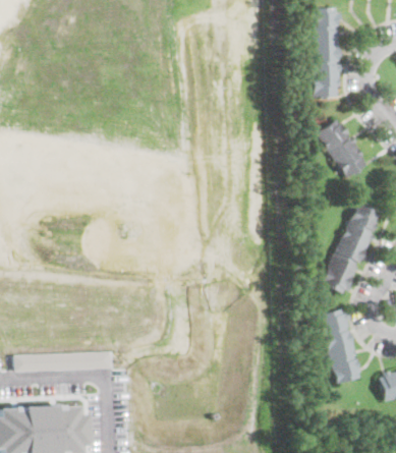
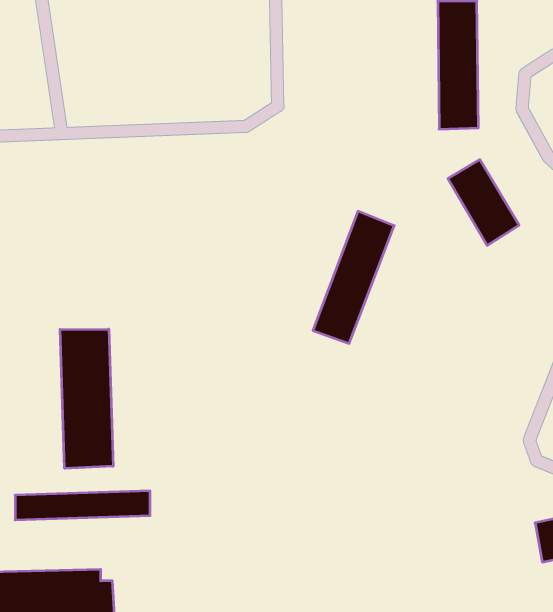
building: [324,203,381,295] -> [313,211,394,343]
building: none -> [60,329,113,468]
building: [322,309,360,384] -> none

